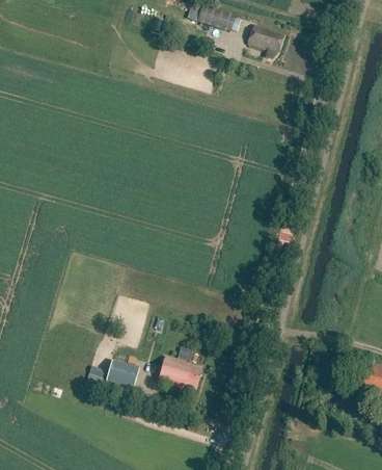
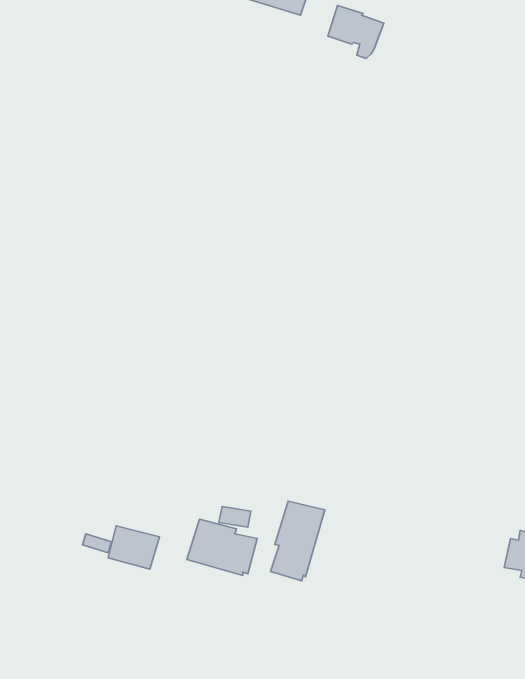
building: none -> [270,501,325,581]

